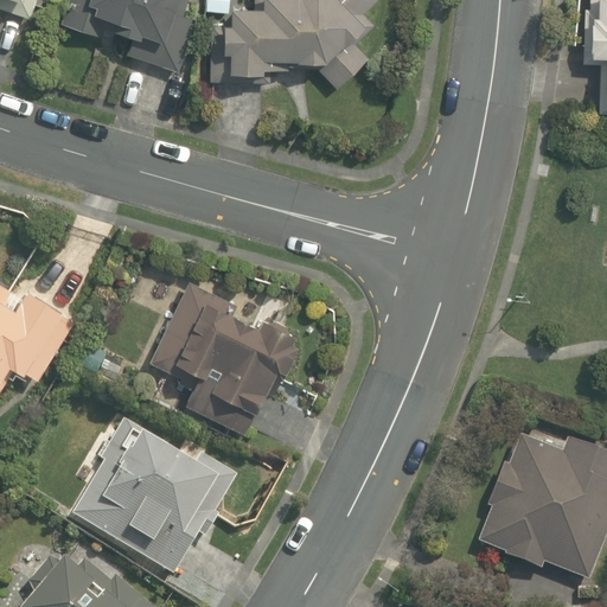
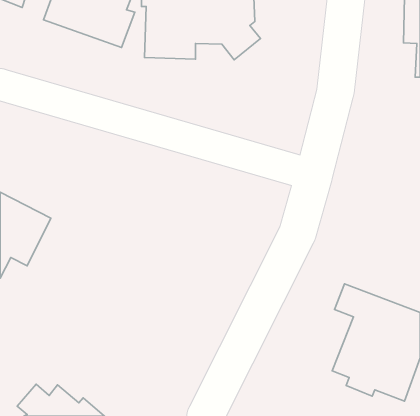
building: [149,276,304,442] -> none
building: [75,417,230,581] -> none

